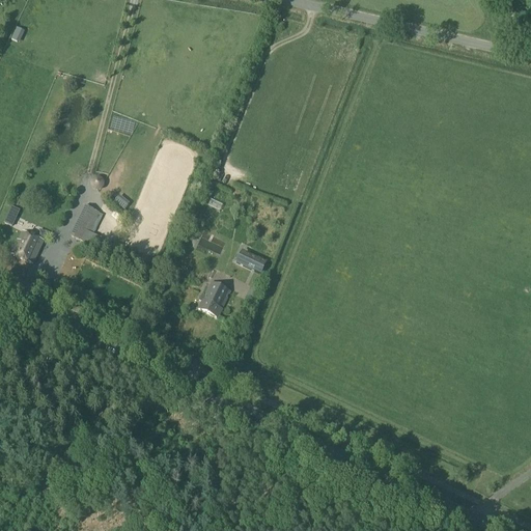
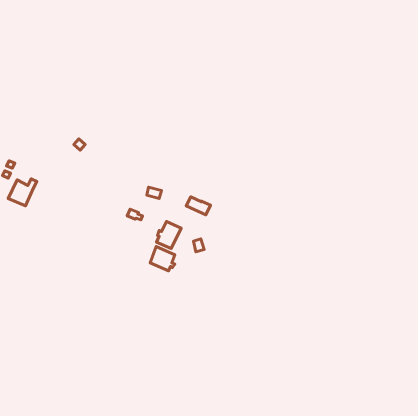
building: [72,202,104,246] -> none
building: none -> [150,247,175,271]

